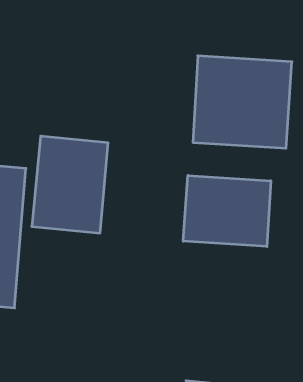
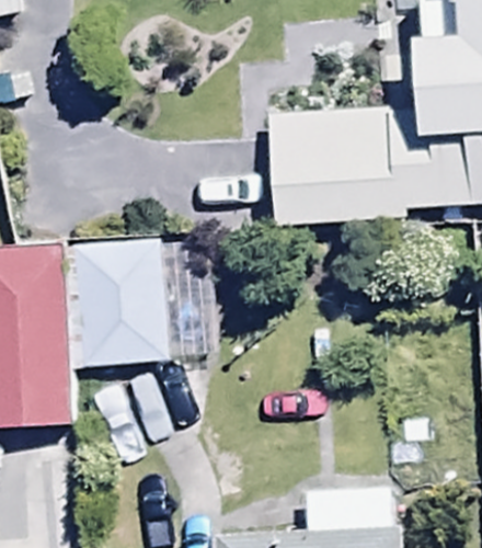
building: [183,175,271,247] -> none

